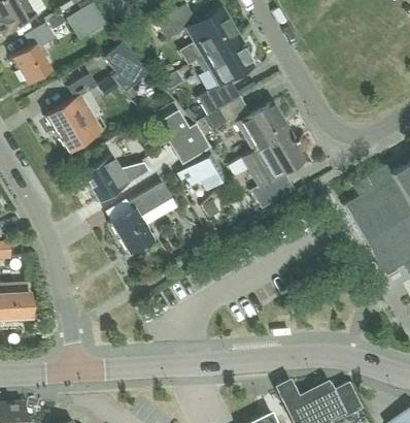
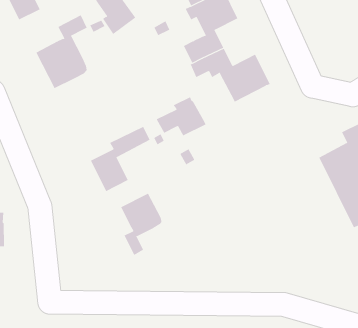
building: [159,111,211,166] -> none
building: [241,133,304,209] -> none
building: [81,157,146,202] -> none
building: none -> [120,193,162,256]

